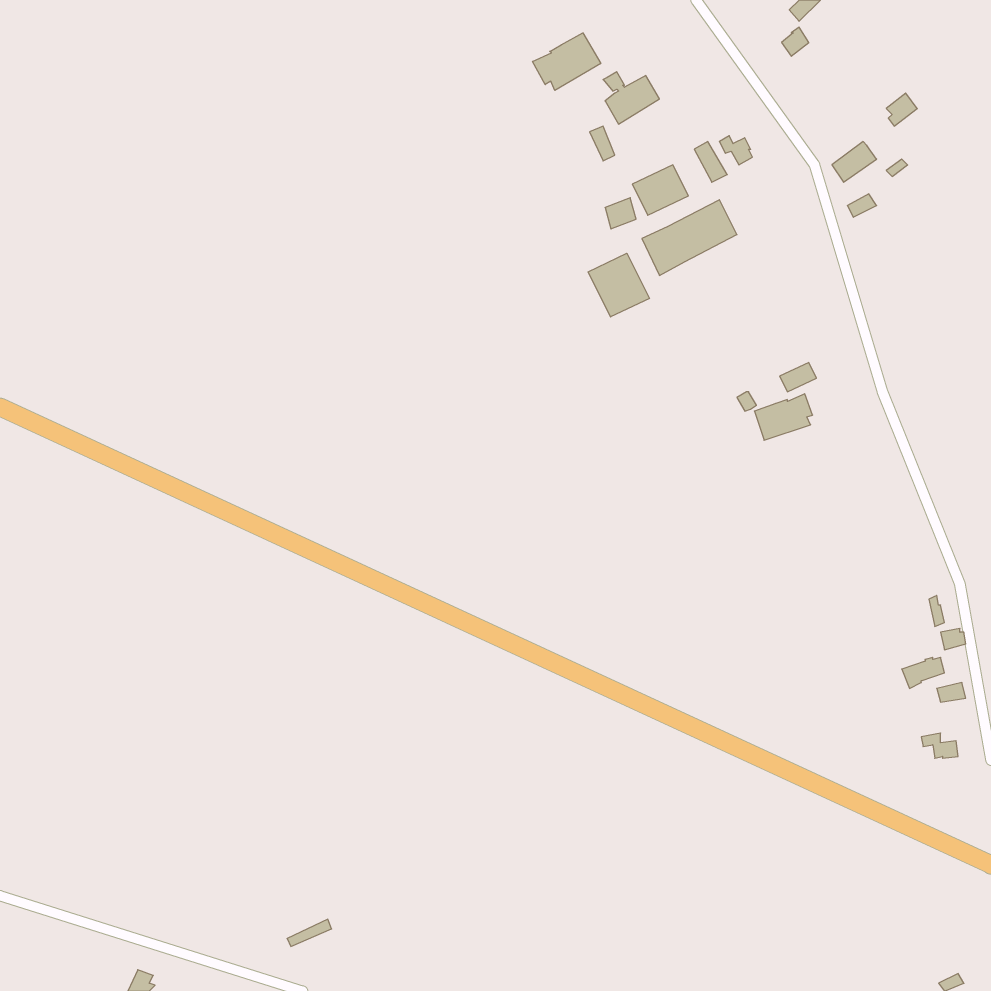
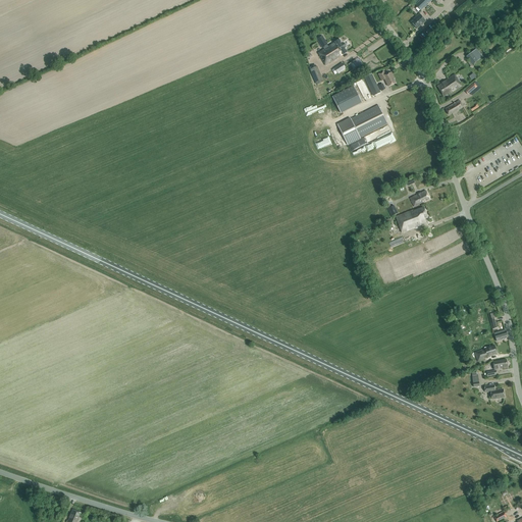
building: [533,33,601,90] -> none
building: [588,253,649,317] -> none

